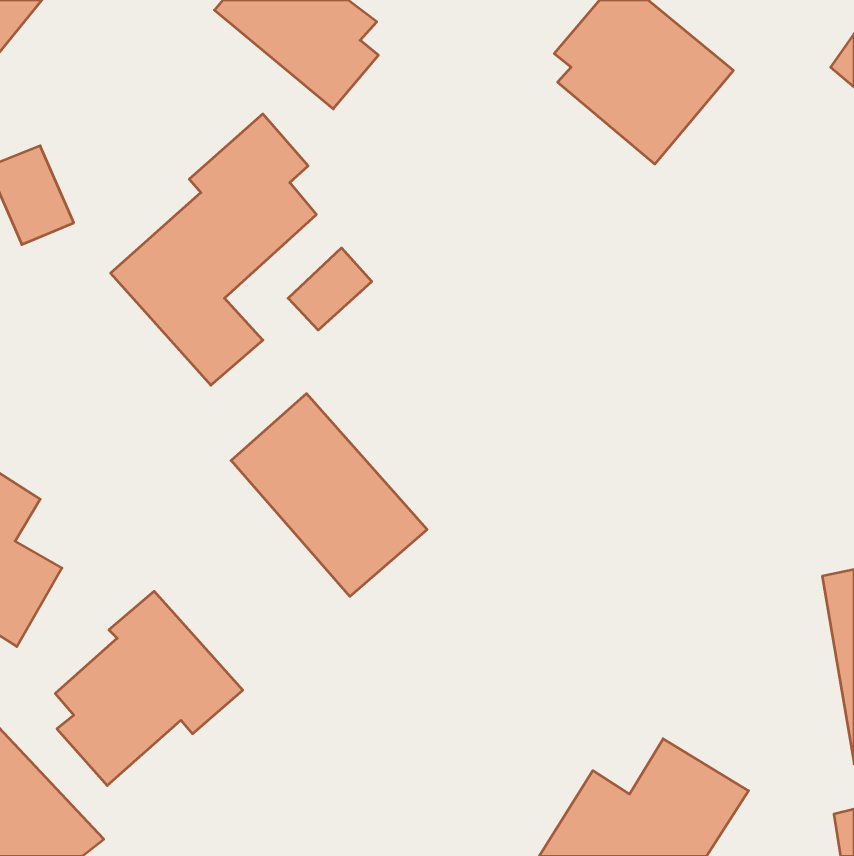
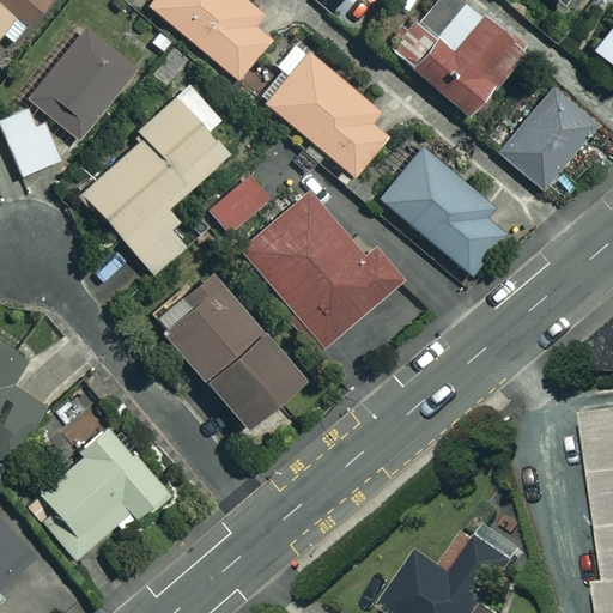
building: none -> [23,30,129,139]
building: none -> [263,50,386,178]
building: none -> [499,89,602,195]
building: none -> [381,147,506,274]
building: none -> [238,189,406,350]

